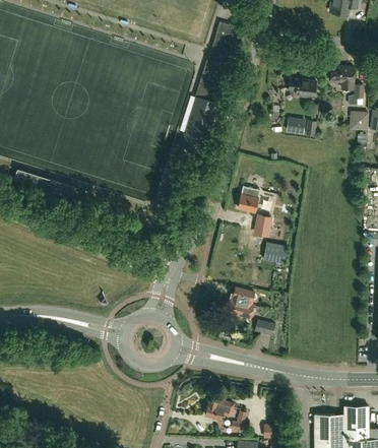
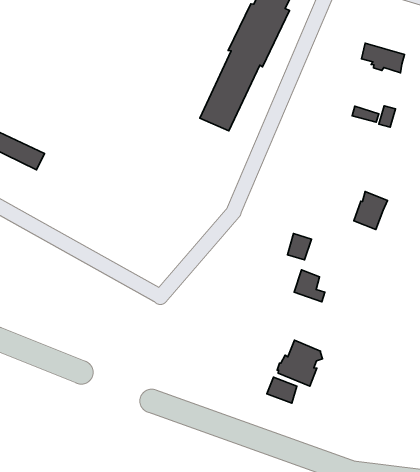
building: [238,188,259,213] -> [354,192,387,230]
building: [226,287,256,318] -> [277,340,323,386]

